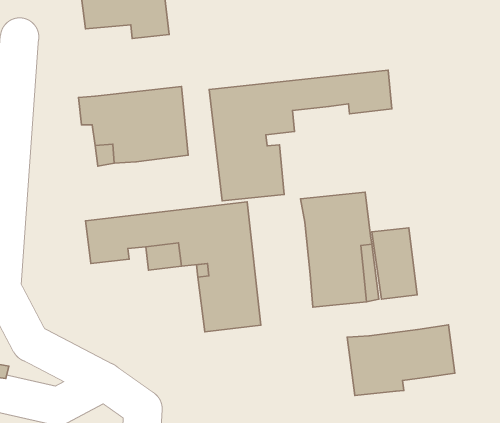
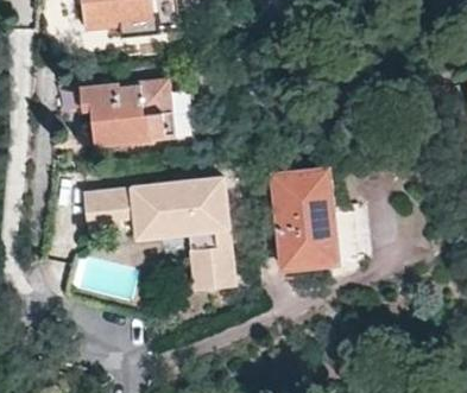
building: [209,70,392,201] -> none
building: [347,325,455,396] -> none

